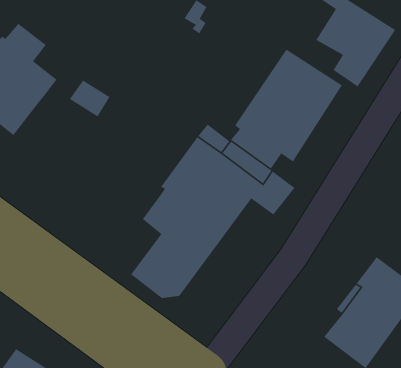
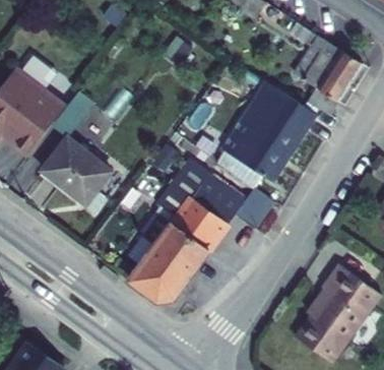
building: none -> [42,137,112,208]

